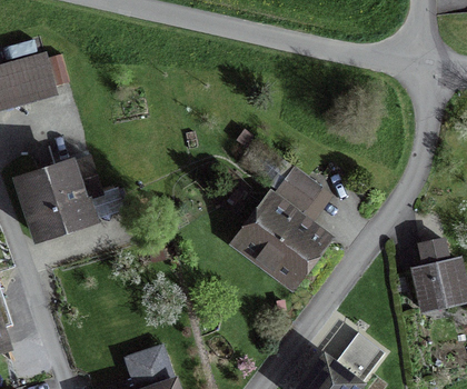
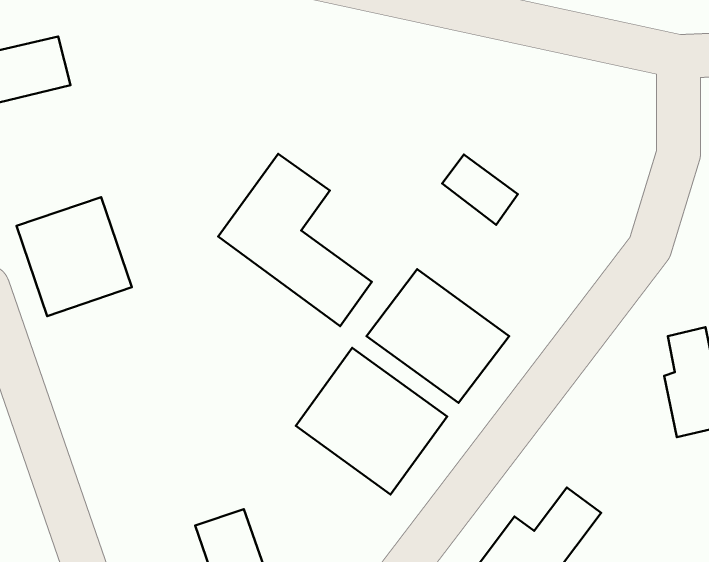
building: none -> [218,154,372,326]
building: [280,171,327,215] -> [442,154,518,225]
building: none -> [296,348,447,494]

